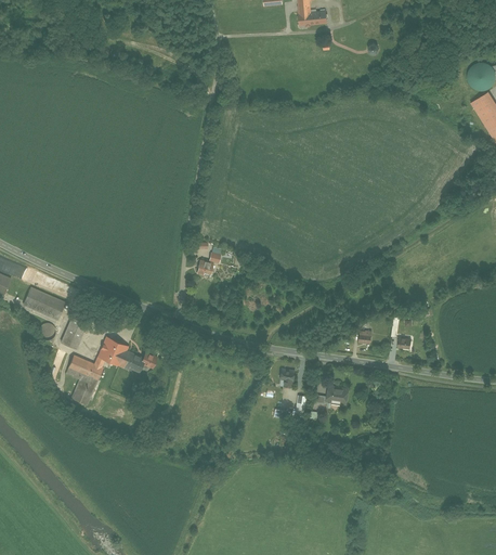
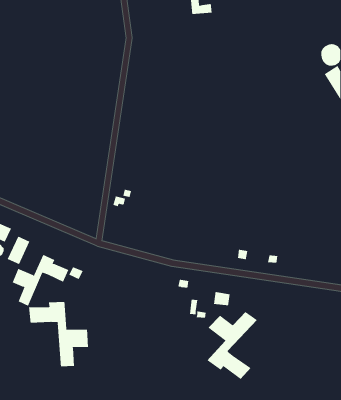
building: none -> [29,301,88,367]
building: none -> [206,311,258,380]

